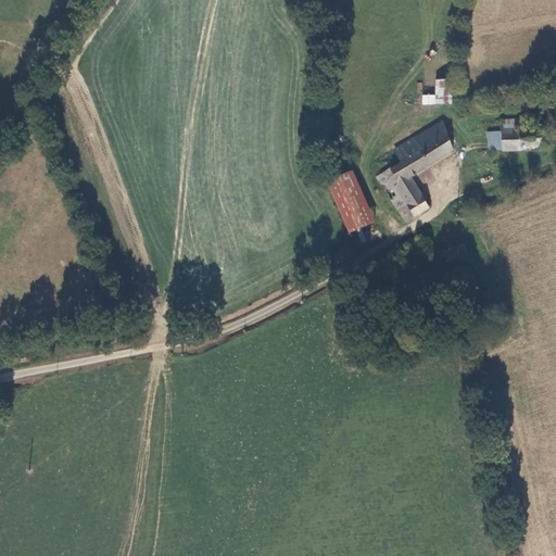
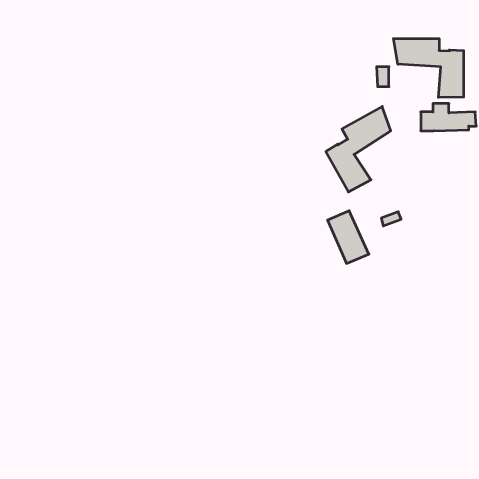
building: none -> [393,39,464,97]
building: [327,168,375,229] -> [328,211,369,263]

